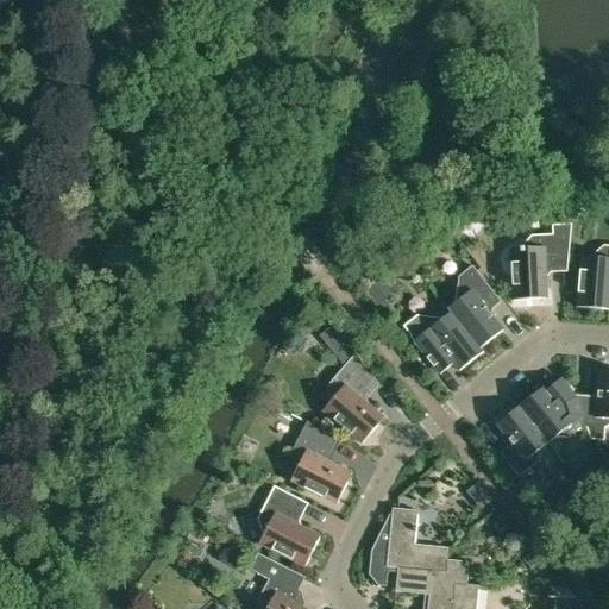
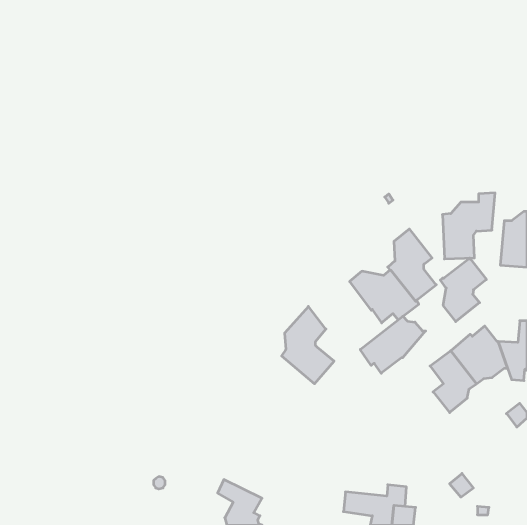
building: none -> [440,258,486,322]
building: none -> [360,316,426,373]
building: [290,420,353,503] -> none
building: [258,485,321,565] -> none
building: [371,508,448,572] -> none

